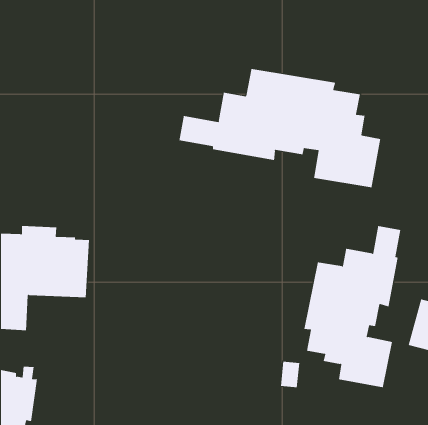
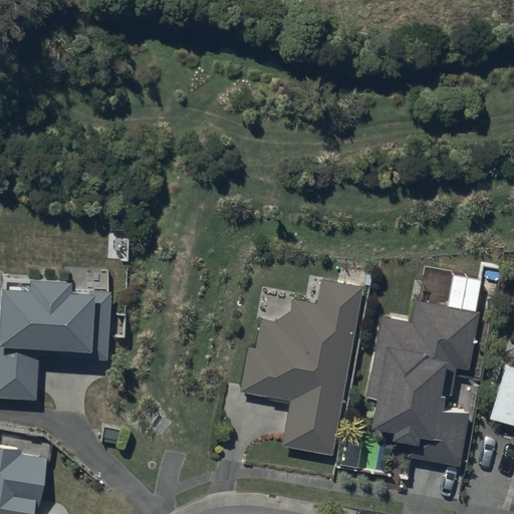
building: [179,68,381,188] -> none
building: none -> [241,273,364,456]

